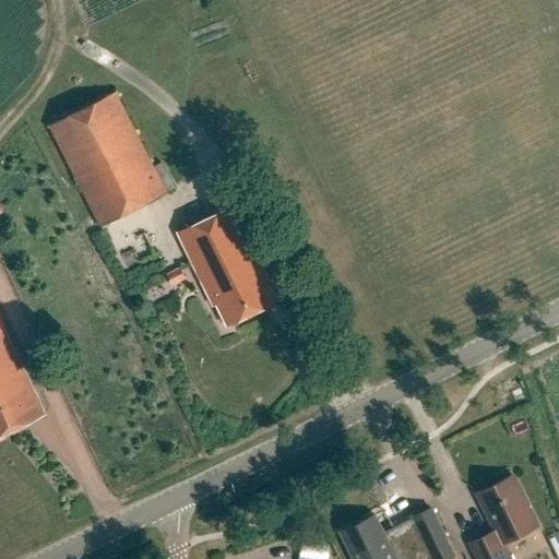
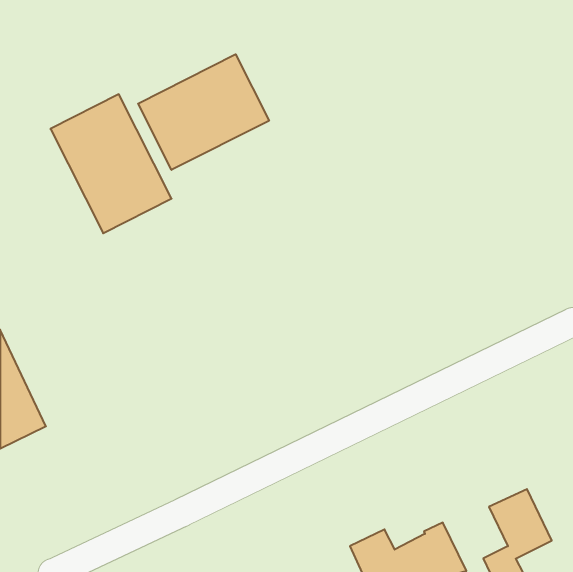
building: none -> [138,54,269,170]
building: [177,207,278,328] -> none

